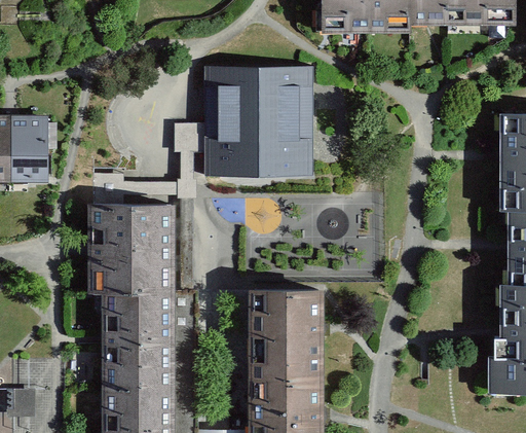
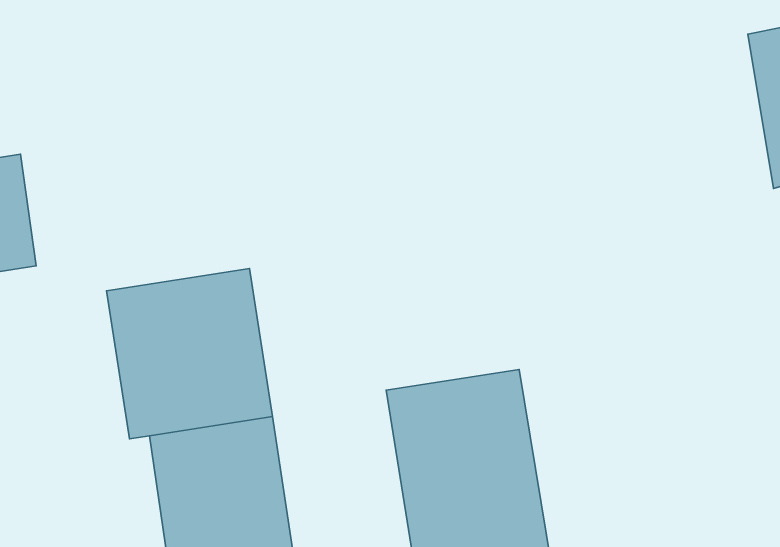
building: [202,63,313,175] -> none

